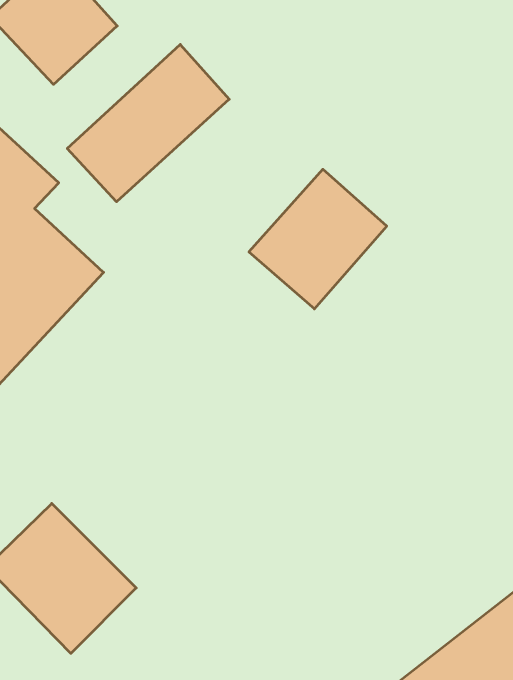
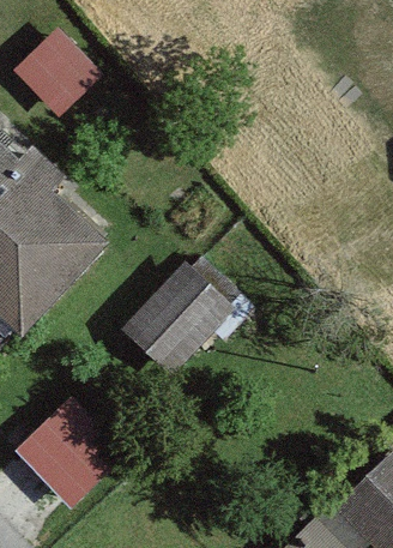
building: [67,44,229,202] -> none
building: [249,169,387,309] -> [134,270,230,367]

